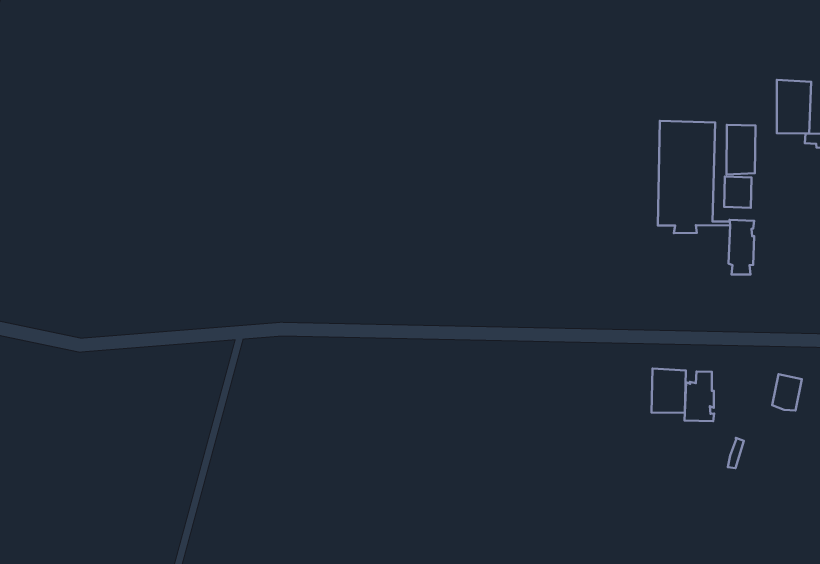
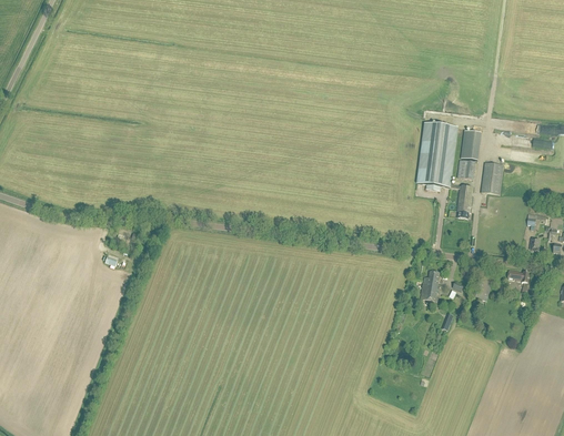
building: [777,80,811,134] -> [481,161,504,194]
building: [651,369,686,413] -> none

